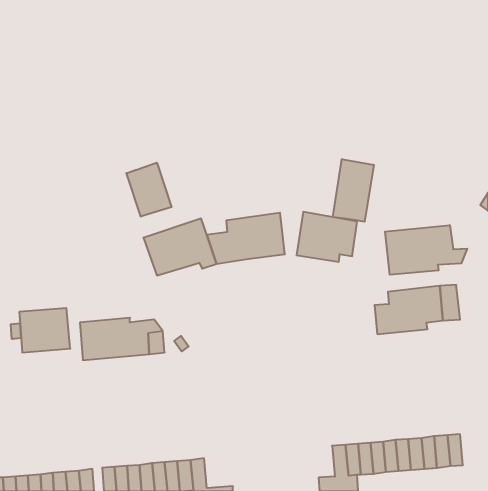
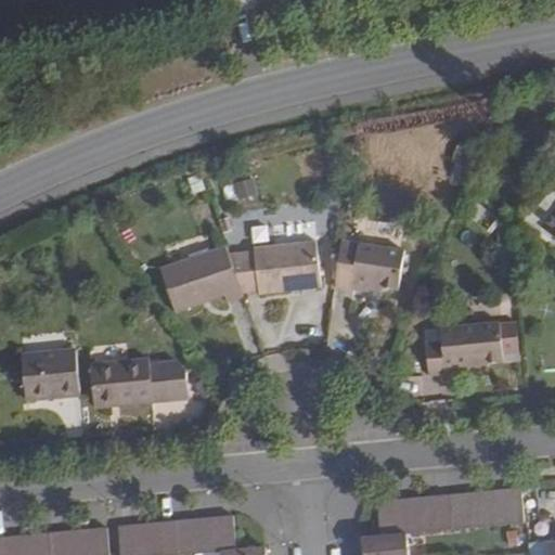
building: [333,159,374,222] -> none
building: [126,163,172,217] -> none
building: [385,225,467,275] -> none

